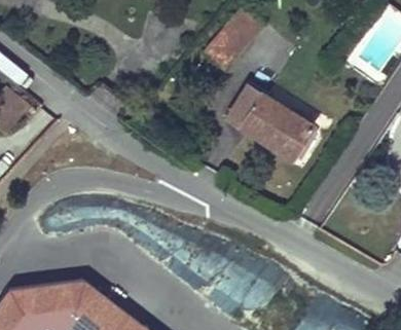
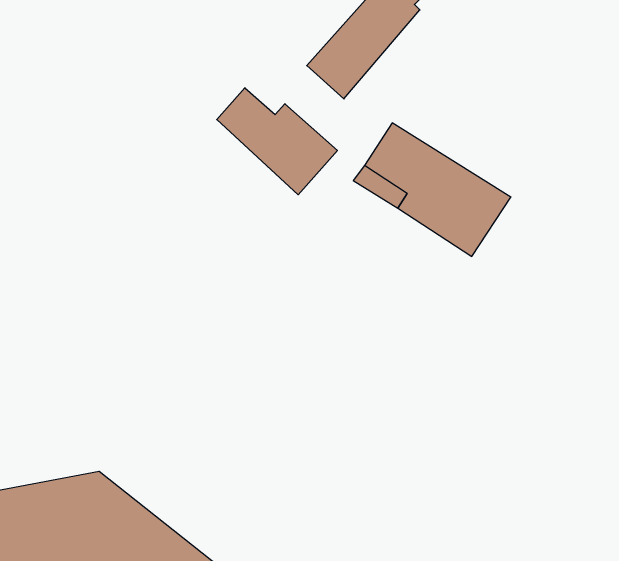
building: none -> [217,88,337,195]

